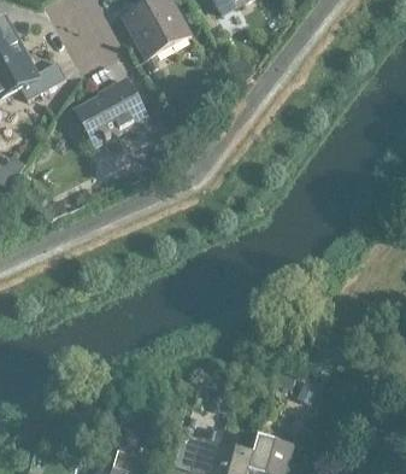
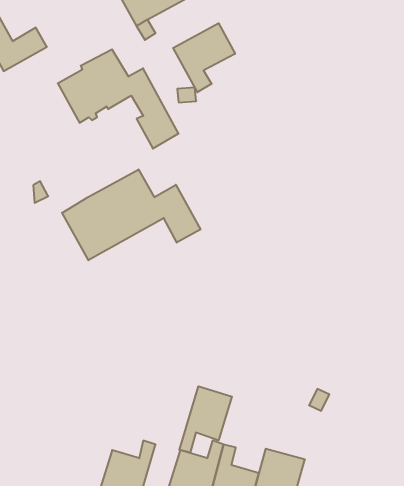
building: none -> [173,23,235,92]
building: none -> [62,169,200,260]
building: none -> [179,386,232,453]

